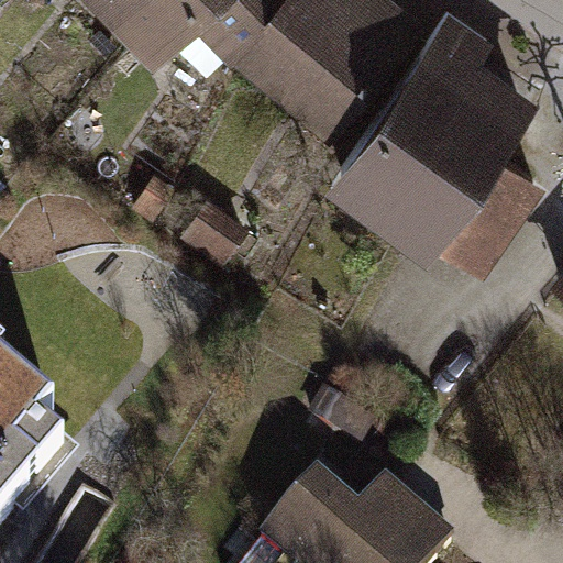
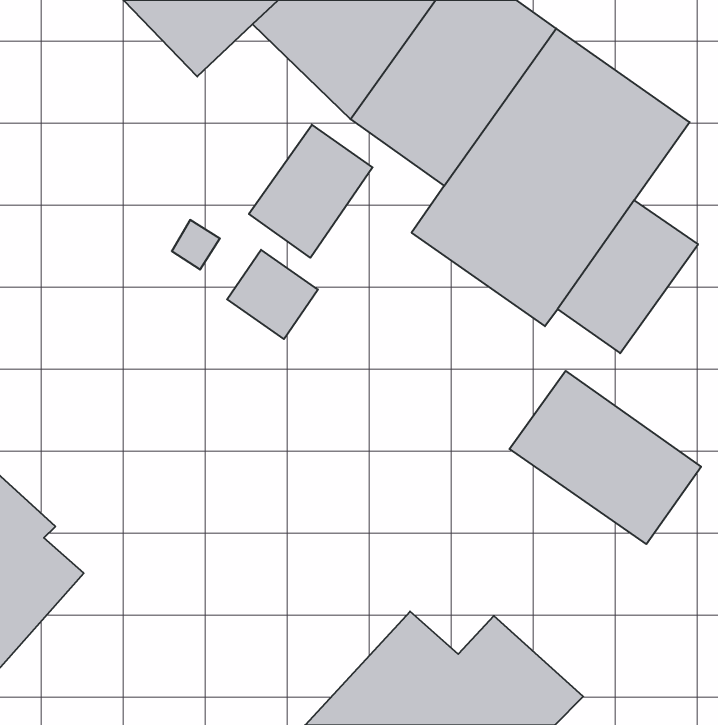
building: none -> [249,125,373,258]
building: none -> [509,371,701,544]

